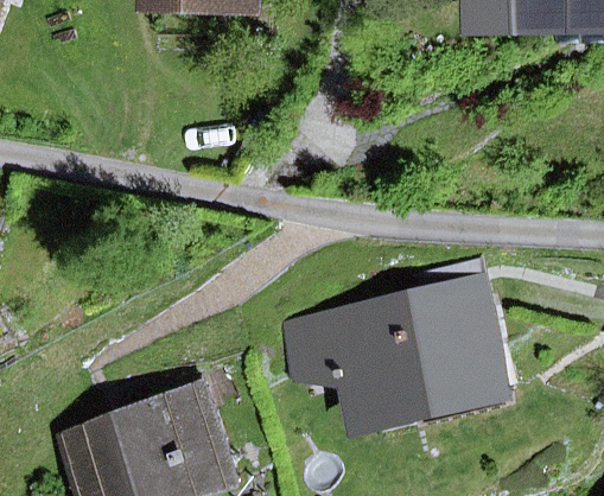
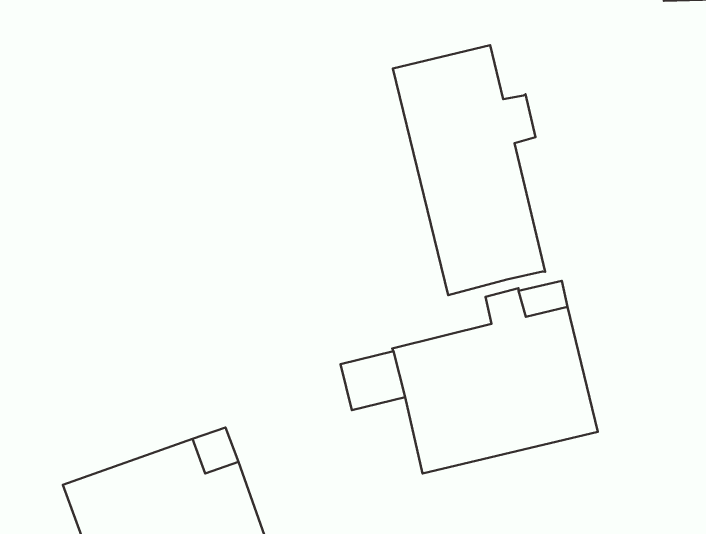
building: none -> [393,45,545,295]

